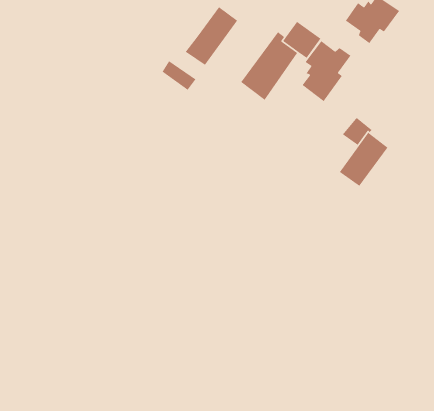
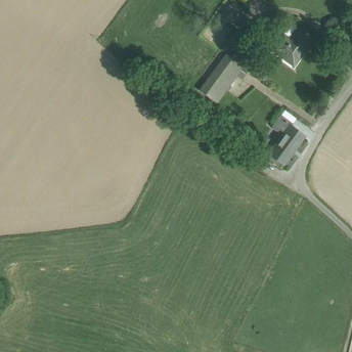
building: [185,6,238,66] -> none
building: [302,40,351,102] -> none

